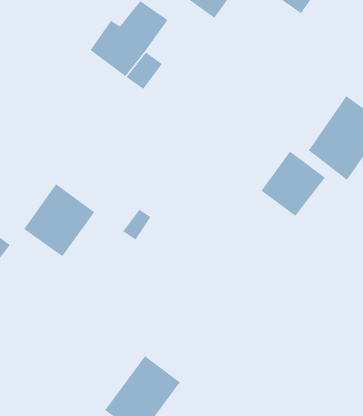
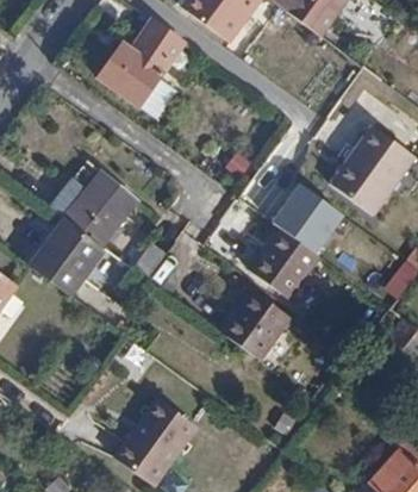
building: none -> [63,169,135,243]
building: none -> [250,228,318,298]
building: none -> [223,289,289,359]

